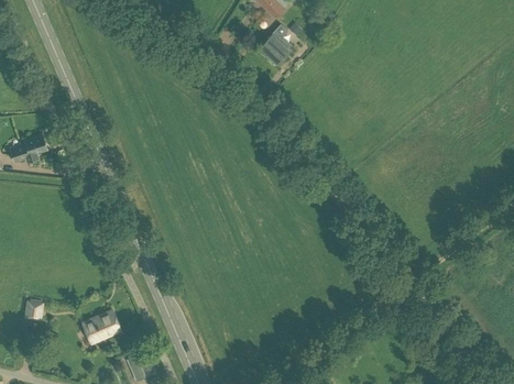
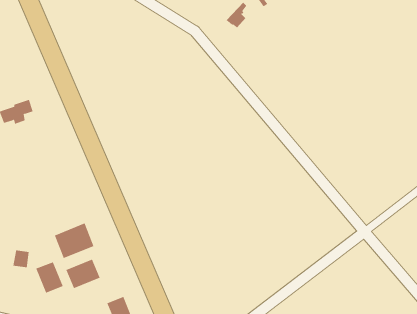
building: none -> [54,223,94,259]
building: none -> [36,261,63,294]

